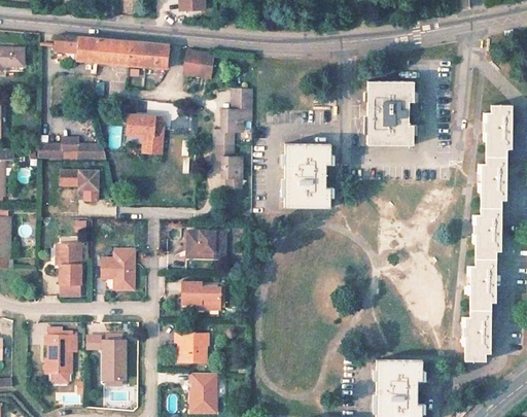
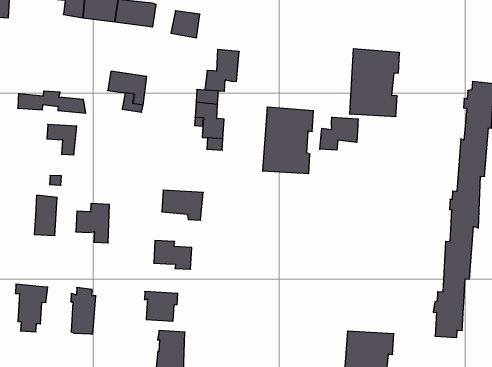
building: none -> [320,117,358,150]

